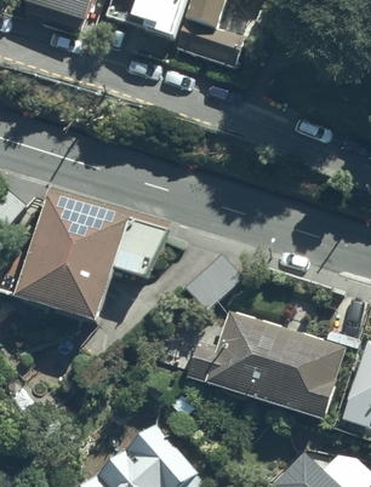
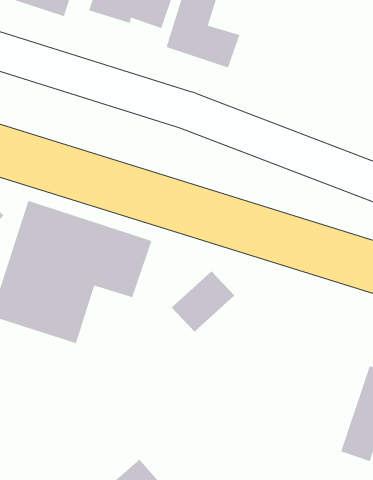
building: [184,310,344,418] -> none

